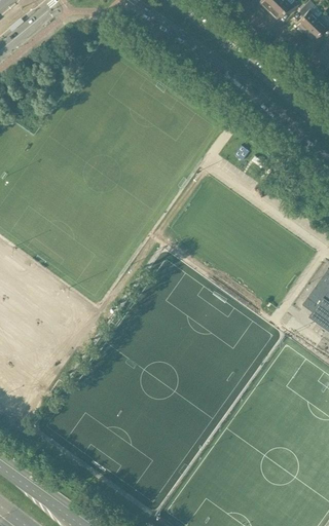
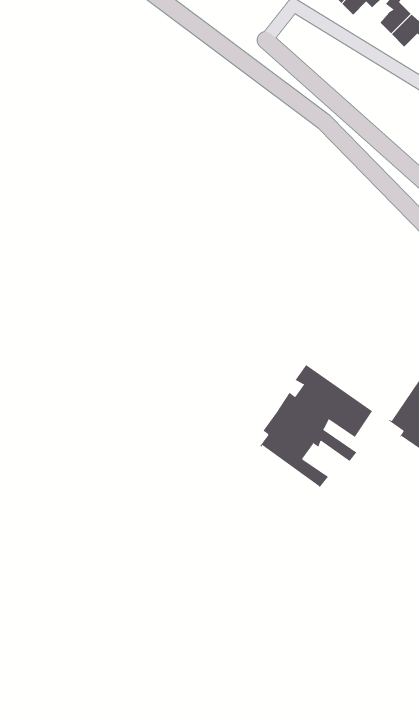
building: none -> [260,364,373,488]

